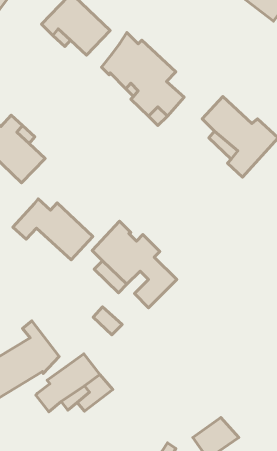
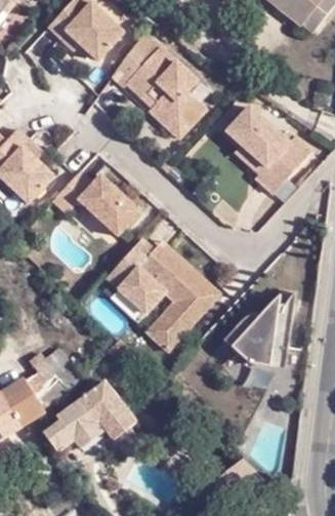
building: [13,199,93,260] -> [53,167,140,234]
building: none -> [144,245,213,350]
building: none -> [225,296,295,374]

